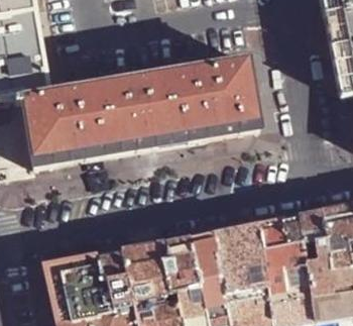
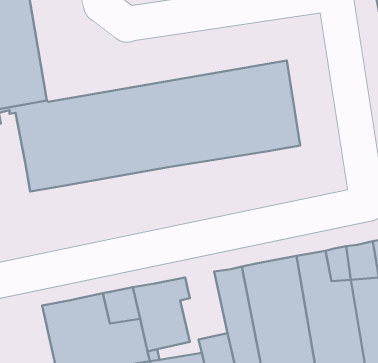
building: [158,233,198,292] -> none

